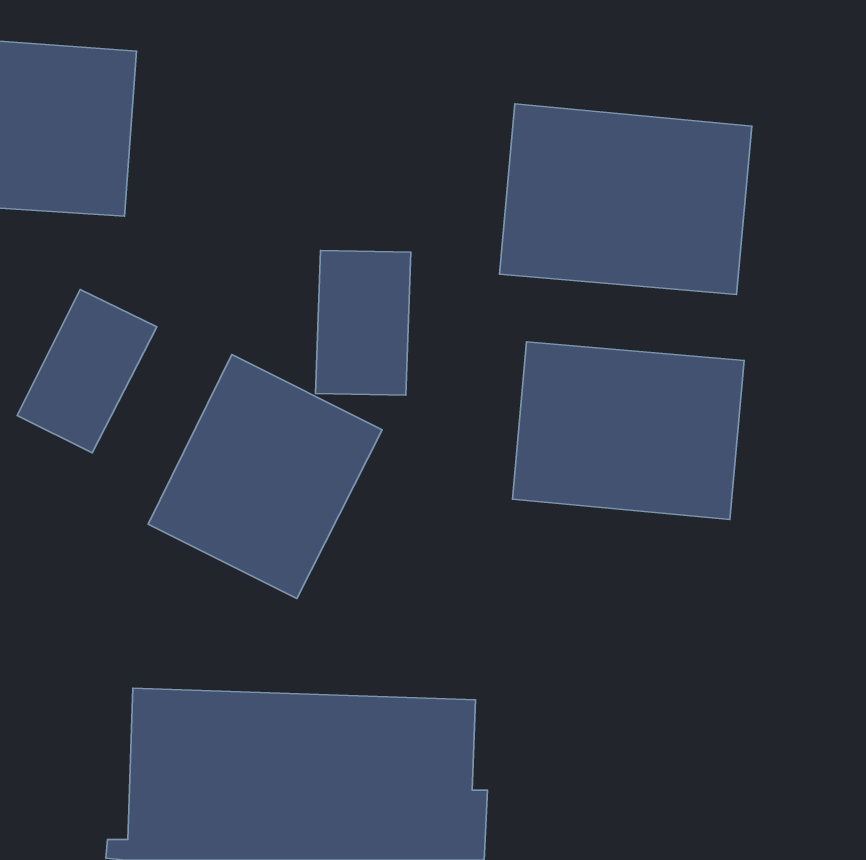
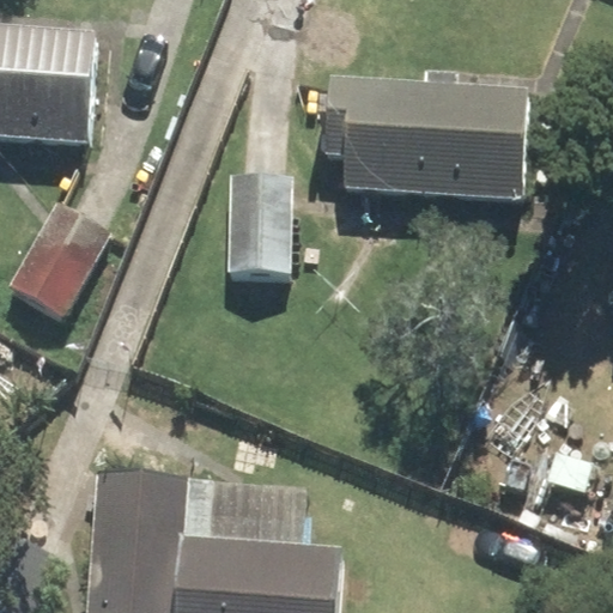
building: [513,342,744,519] -> none
building: [148,355,382,598] -> none

